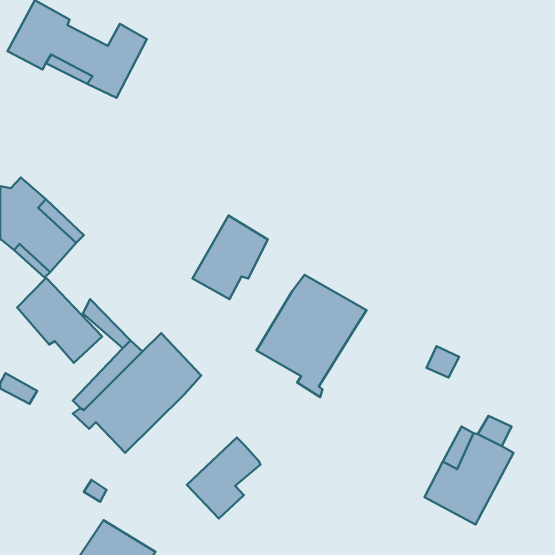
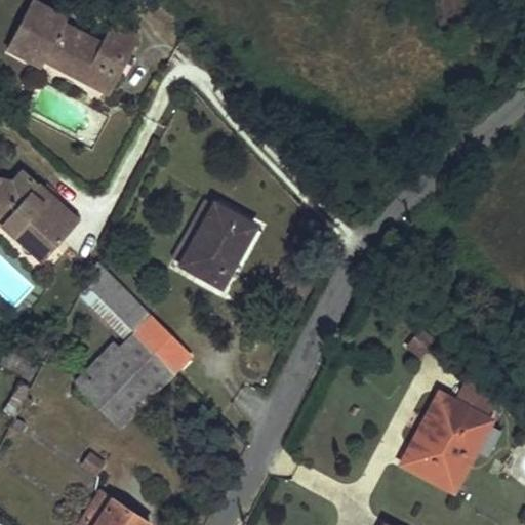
building: [256,275,366,397] -> none
building: [17,278,102,363] -> none
building: [187,437,261,519] -> none

